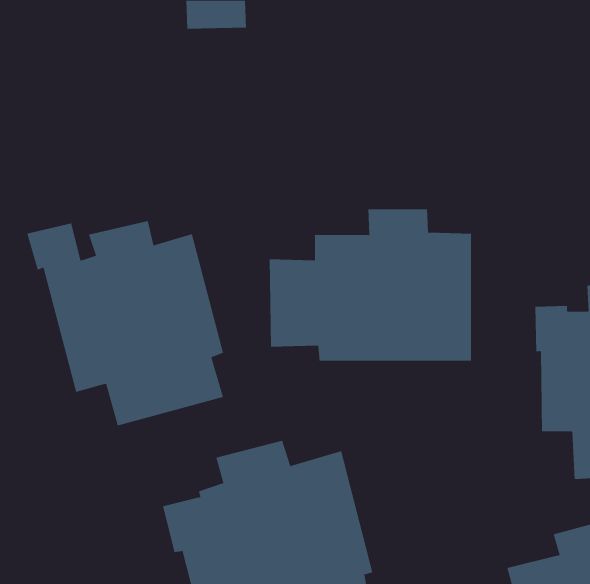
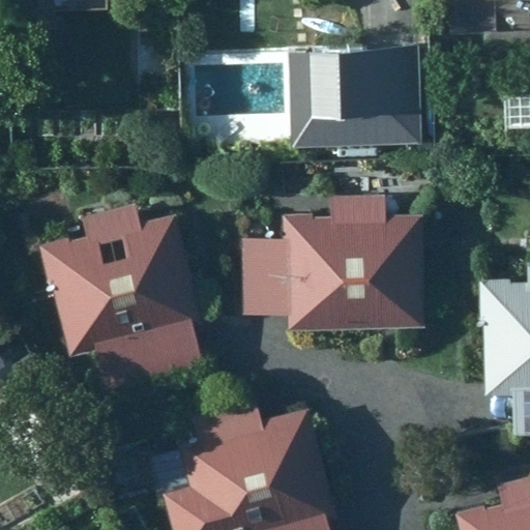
building: none -> [294,37,429,145]

